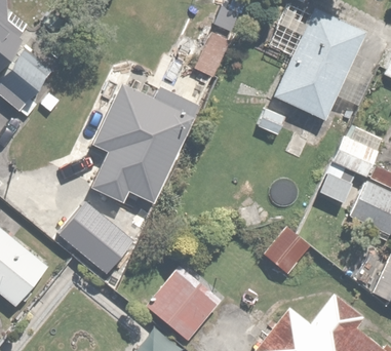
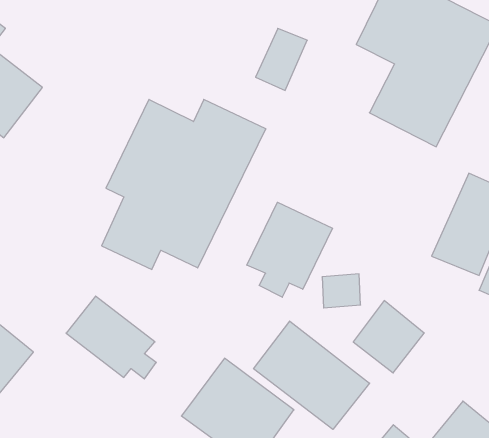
building: none -> [247,202,333,297]
building: none -> [254,321,370,429]

